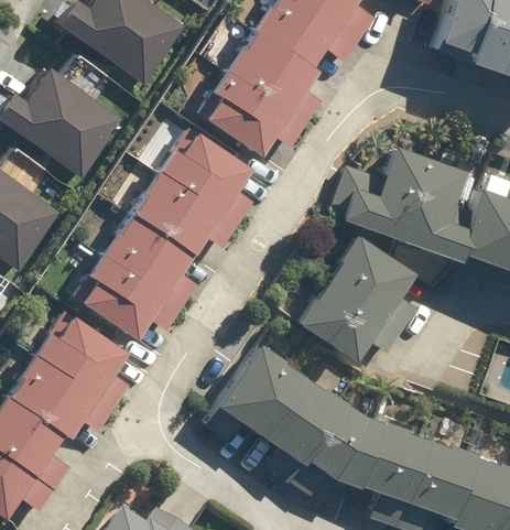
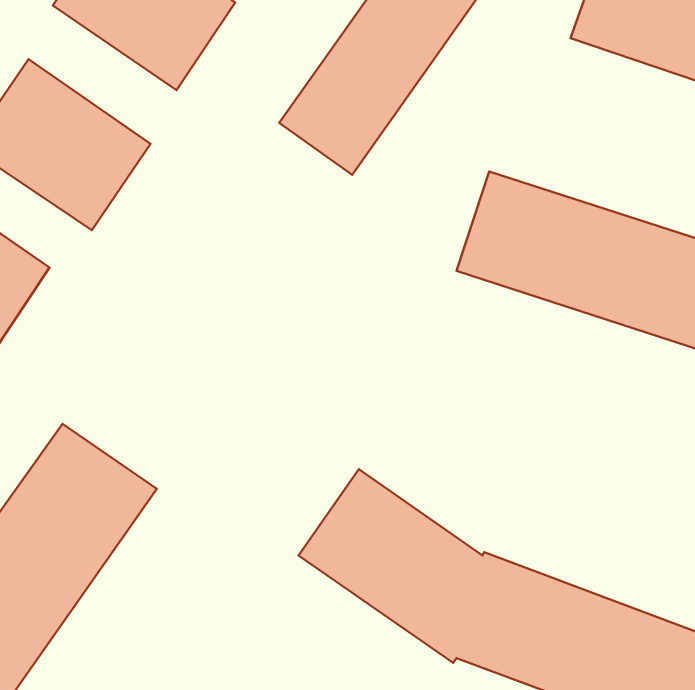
building: [76,125,258,337] -> none
building: [302,234,420,358] -> none

